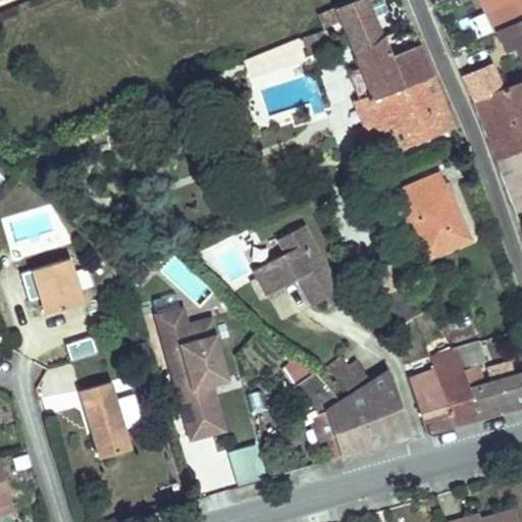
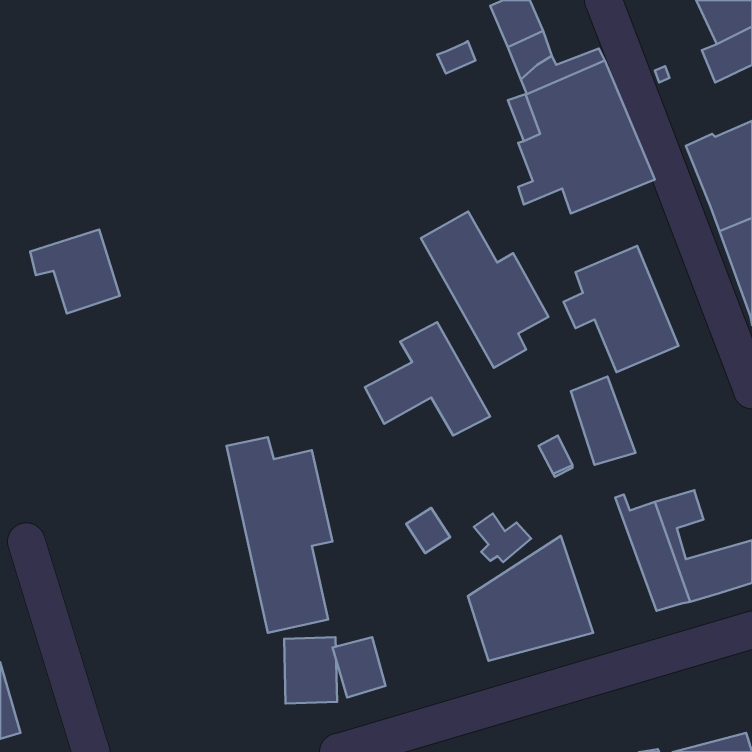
building: [464,63,512,101] -> none
building: none -> [421,211,549,368]
building: [23,259,86,317] -> [30,230,120,313]
building: [410,370,455,431] -> [571,376,636,465]
building: [82,382,130,458] -> none

